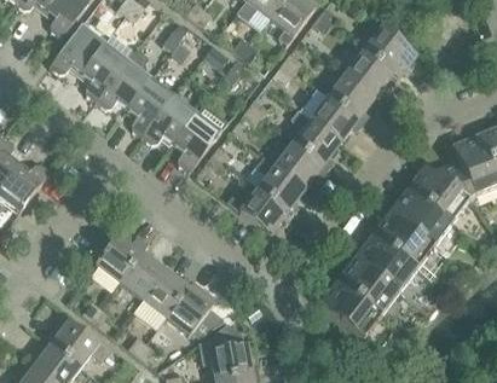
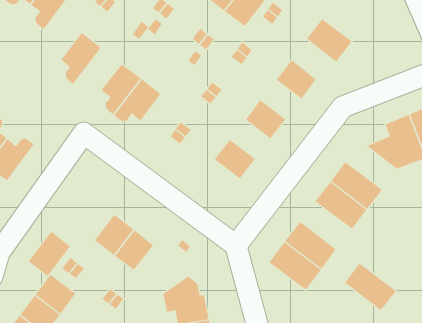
building: [47,23,104,74] -> none
building: [346,48,398,95] -> none
building: [94,59,150,109] -> none
building: [310,95,358,141] -> none
building: [172,112,220,173] -> none
building: [274,141,322,187] -> none
building: [408,167,468,222] -> none
building: [238,187,287,233] -> none
building: [96,227,145,280] -> [28,231,71,277]
building: [356,236,416,291] -> [344,263,397,311]
building: [164,286,224,337] -> none

